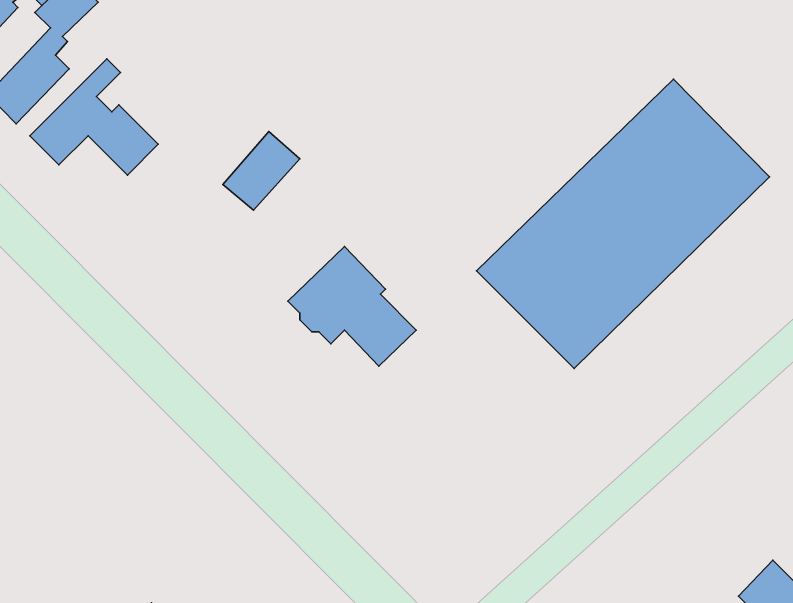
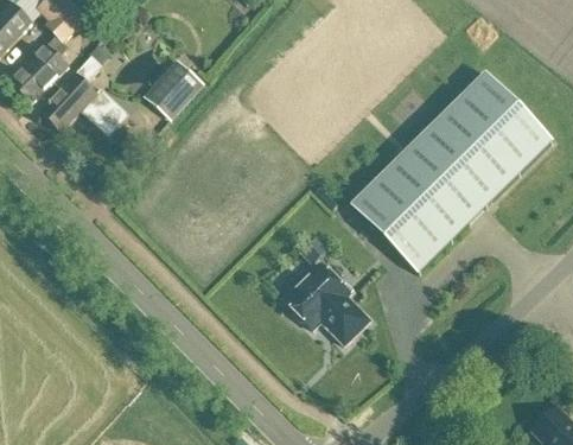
building: [223,131,300,210] -> [146,59,199,114]
building: [288,246,416,366] -> [281,260,370,343]

